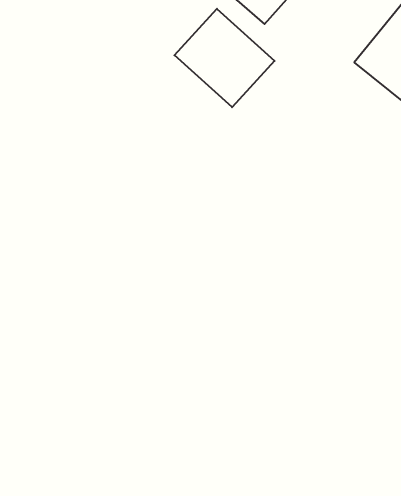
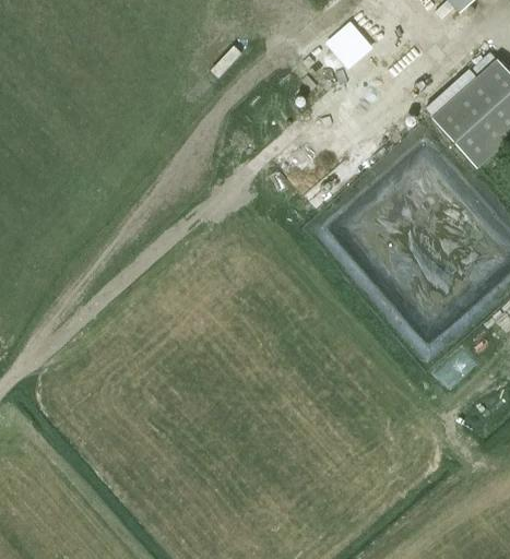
building: [174,9,275,107] -> none

